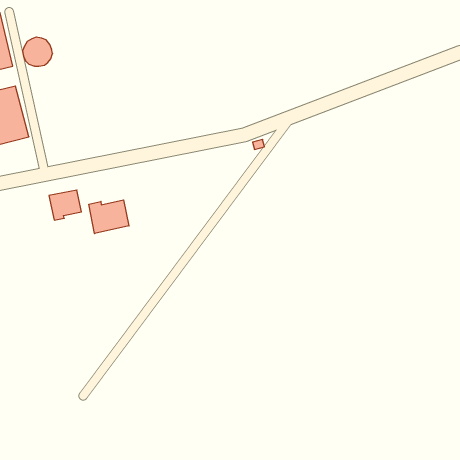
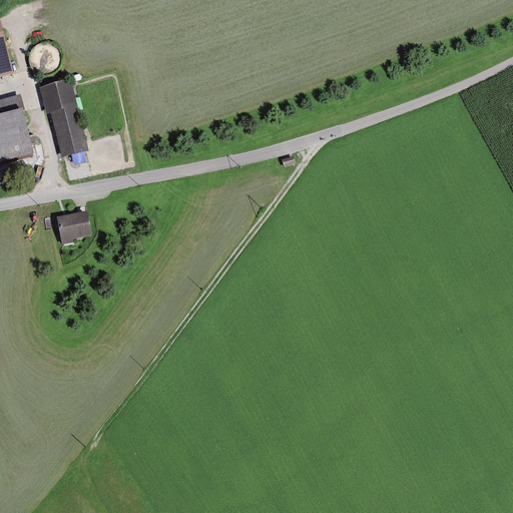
building: none -> [38,78,87,156]
building: [89,200,129,234] -> none

